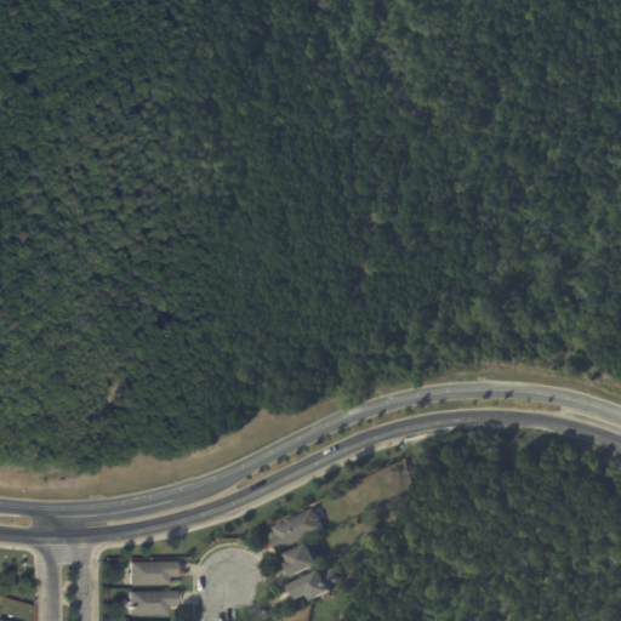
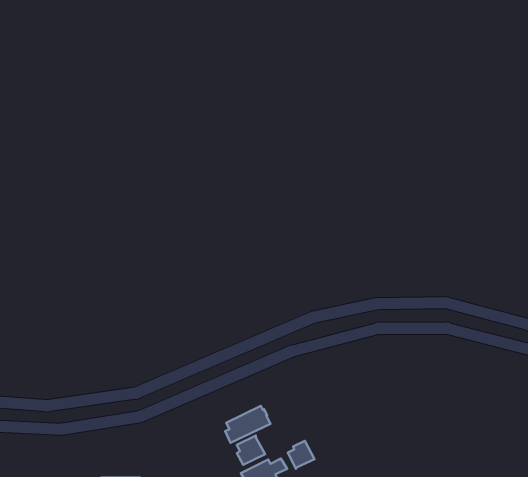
building: none -> [288,441,315,469]
building: [126,560,171,585] -> none

